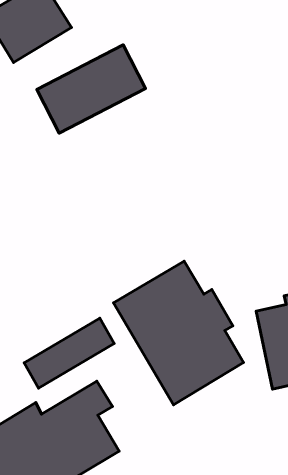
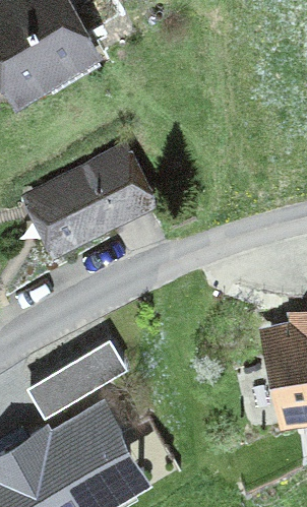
building: [37,45,145,133] -> [33,152,146,245]
building: [113,261,244,405] -> none

